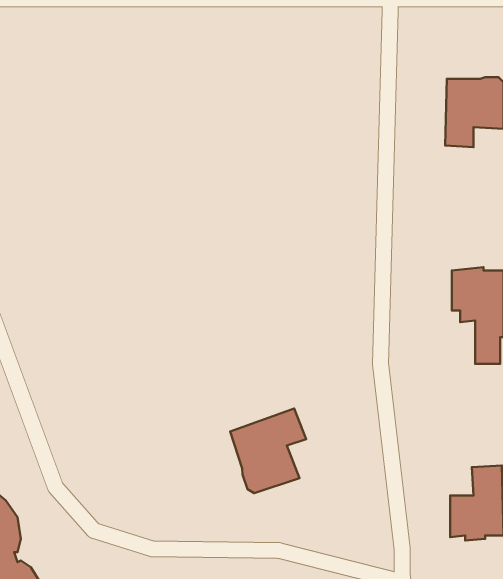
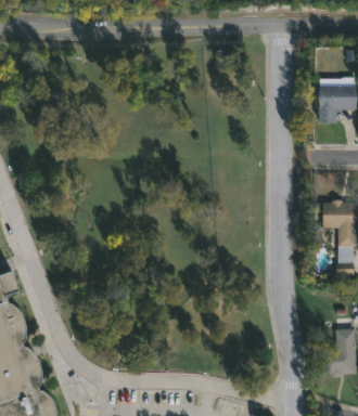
building: [230,408,306,493] -> none

